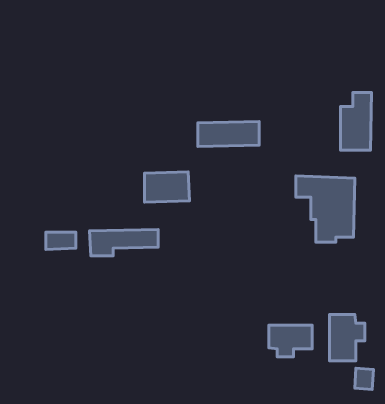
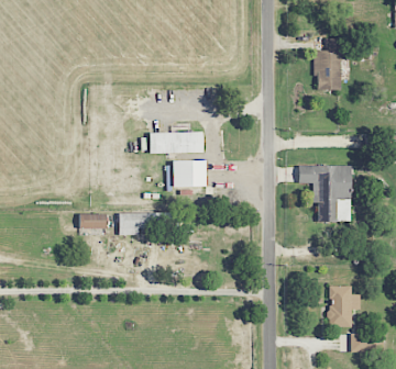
building: [340,93,372,150] -> [315,38,342,89]
building: [198,121,259,146] -> [148,132,202,154]
building: [269,325,312,357] -> none

